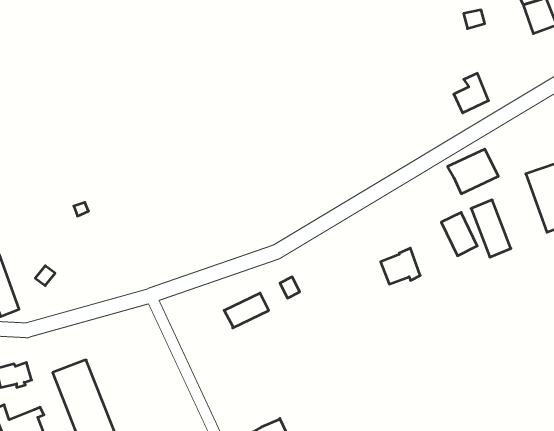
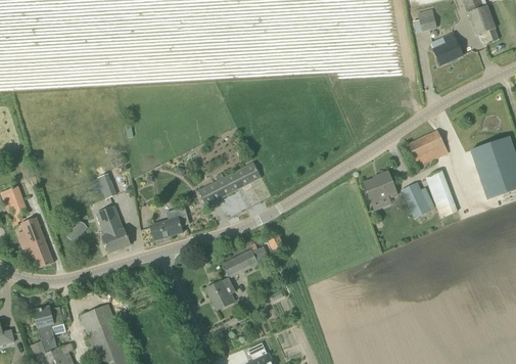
building: [454,73,489,113] -> [433,32,462,64]
building: none -> [198,162,261,204]
building: none -> [96,206,130,253]
building: none -> [149,207,189,240]
building: [381,248,420,284] -> [364,171,396,200]
building: none -> [205,276,235,310]

